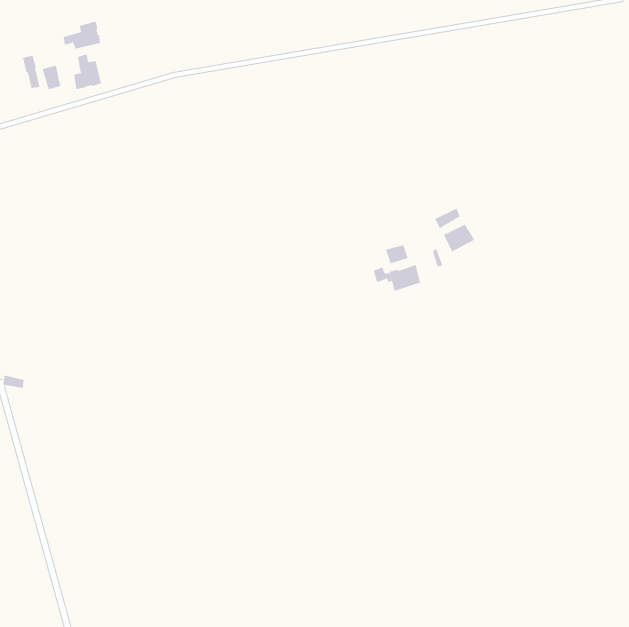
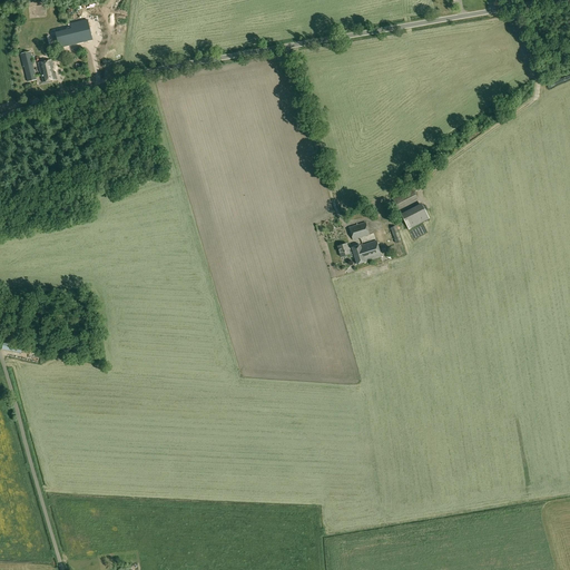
building: [73,54,101,90] -> none

